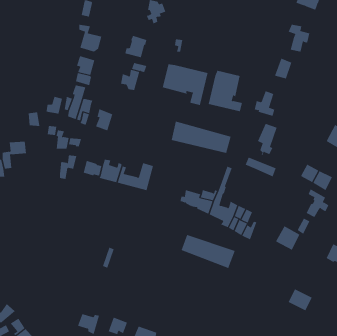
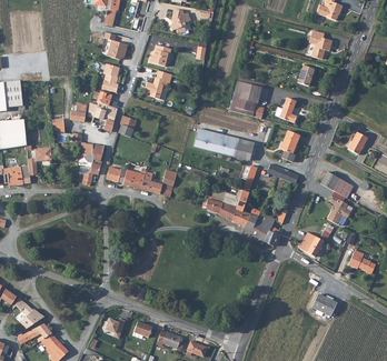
building: [162,64,208,106] -> none
building: [181,234,236,269] -> none

